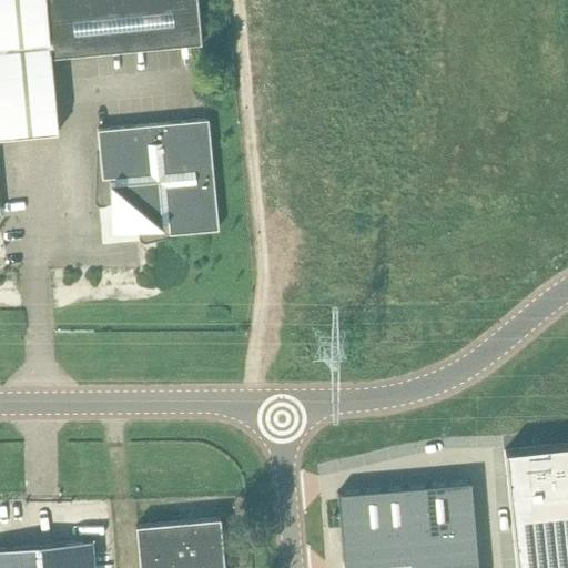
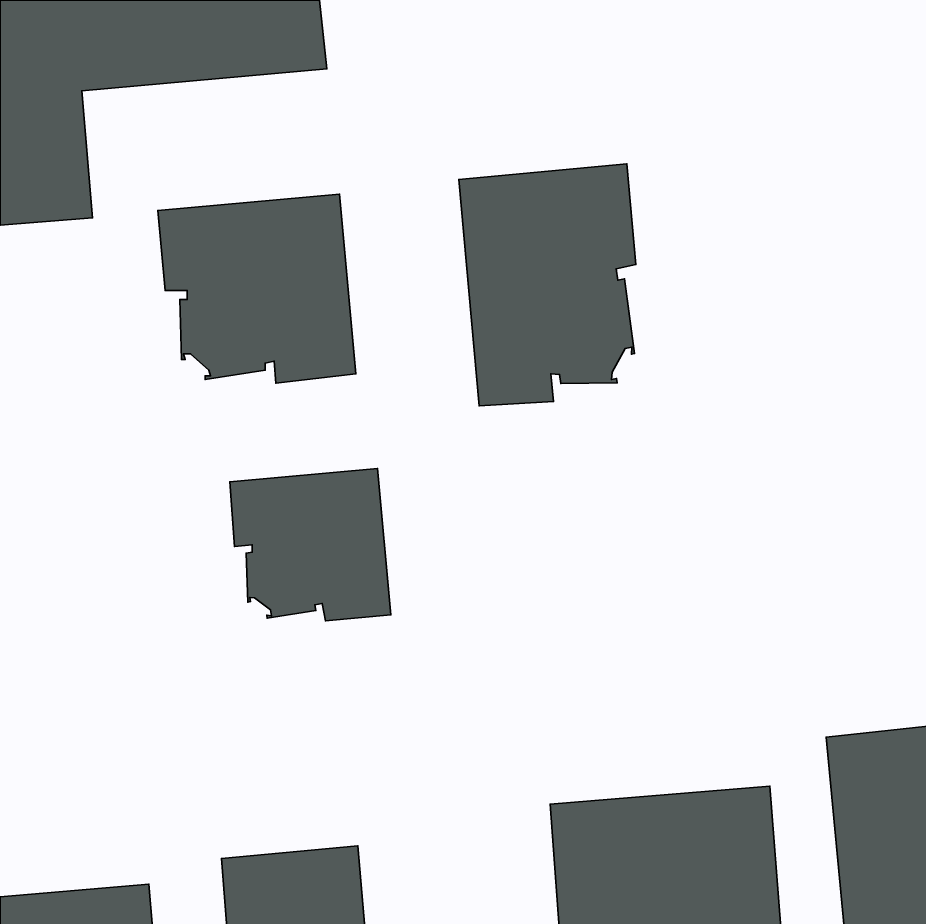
building: none -> [459,164,636,406]
building: none -> [230,468,391,621]

